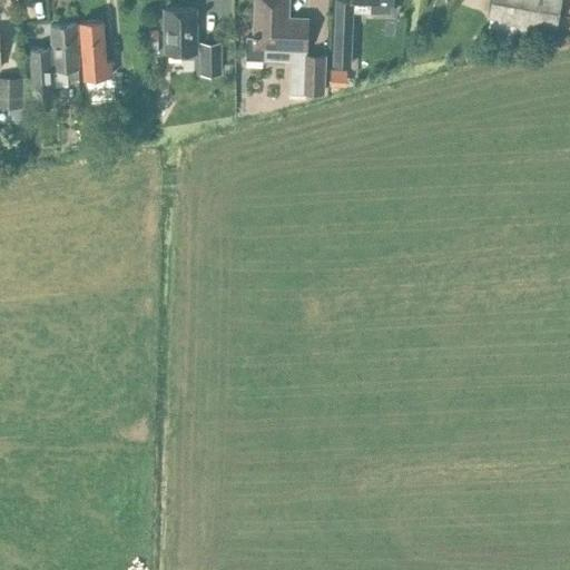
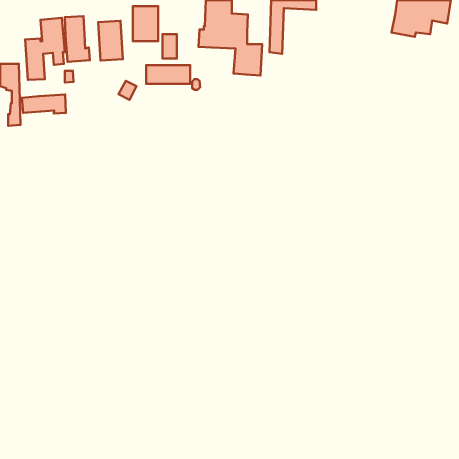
building: none -> [98,21,123,61]
building: none -> [146,65,190,84]
building: none -> [22,95,66,114]

